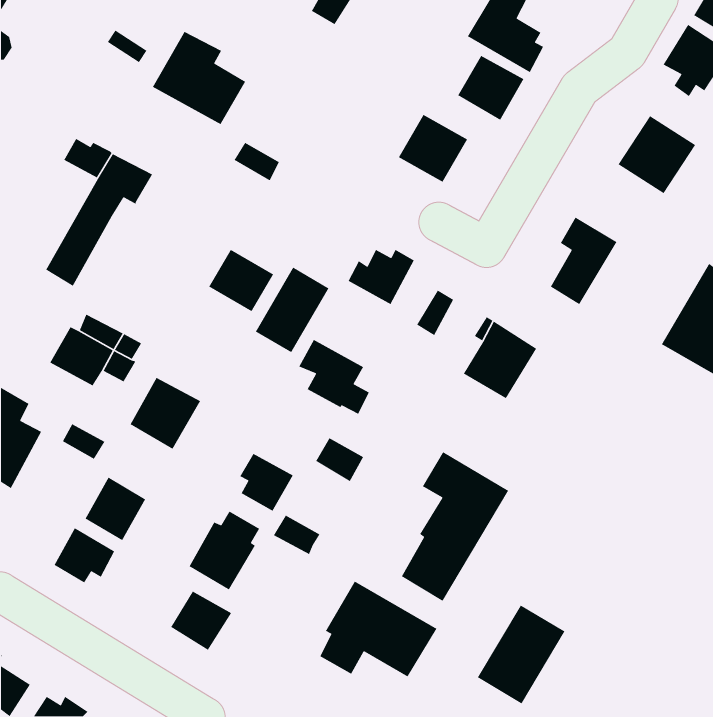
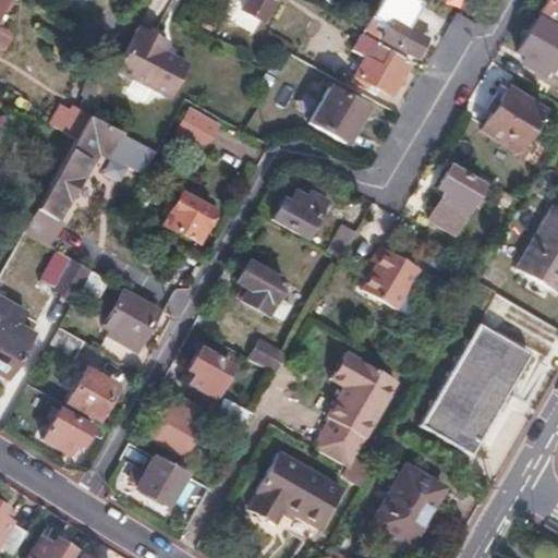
building: none -> [110,135,159,177]
building: [255,267,329,353] -> none
building: none -> [422,327,529,453]

